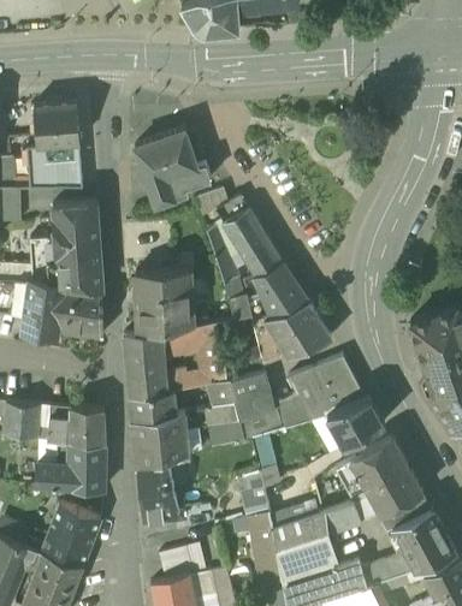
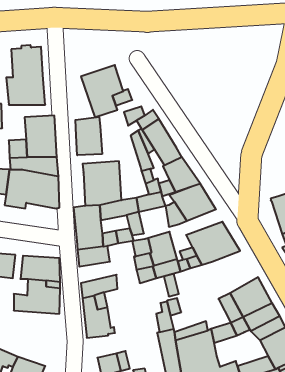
building: none -> [75,117,102,155]
building: [326,398,384,448] -> none
building: [132,414,186,446] -> none
building: [41,504,100,566] -> none

